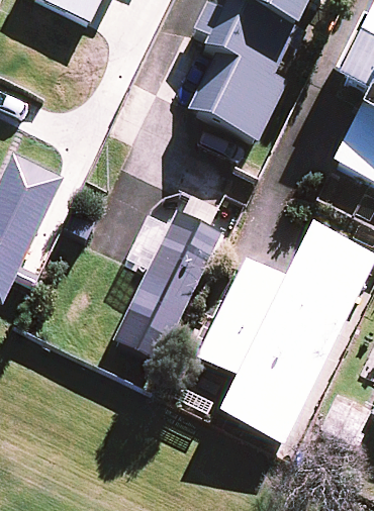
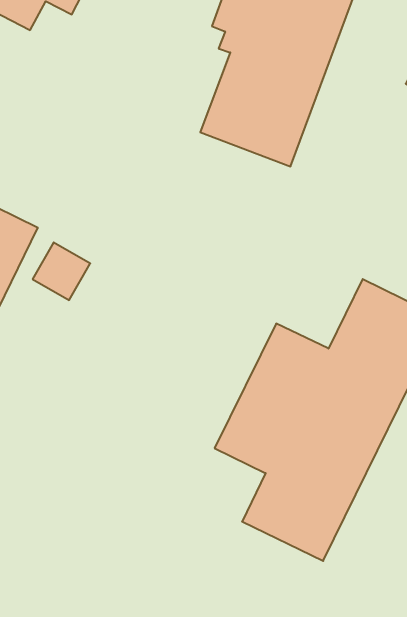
building: [130,213,217,320] -> none

